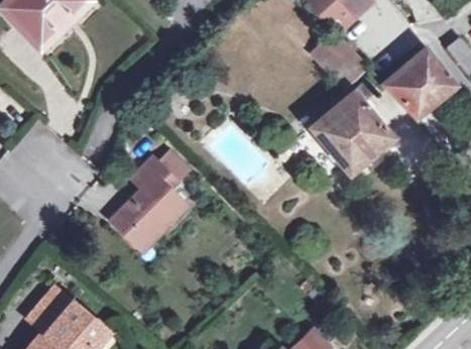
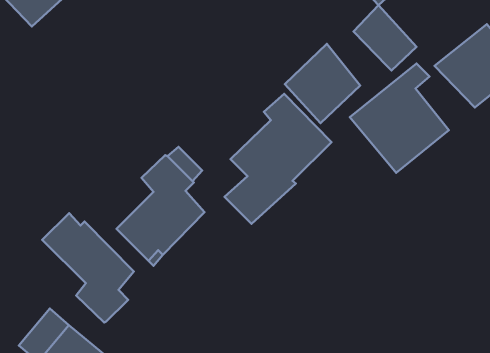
building: none -> [285,44,360,123]
building: none -> [225,94,332,224]
building: none -> [42,213,134,322]

